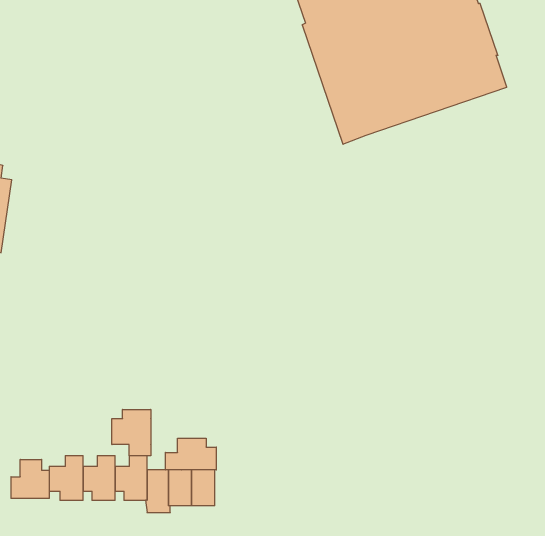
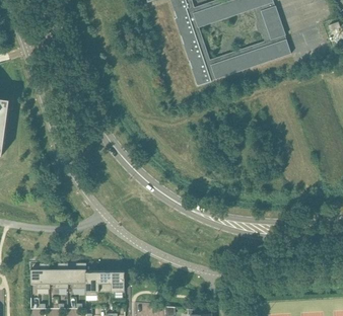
building: [112,409,151,456] -> none
building: [165,438,216,470] -> none
building: [11,459,49,498] -> none

